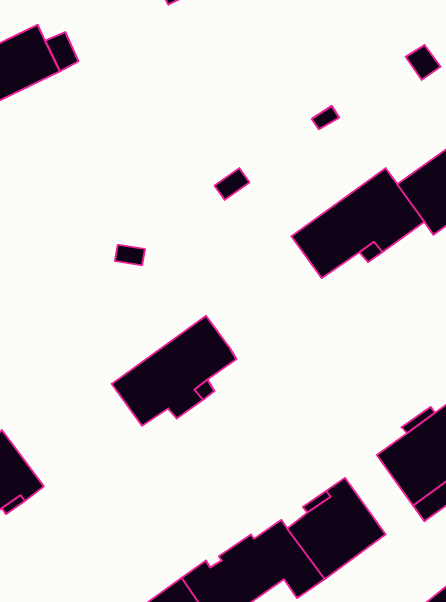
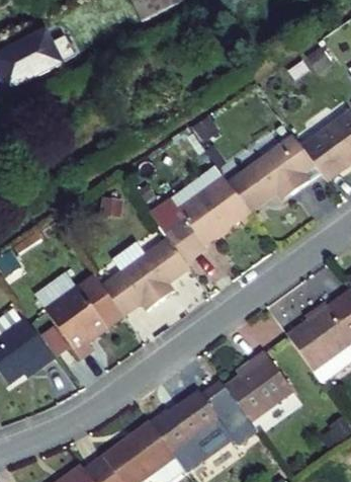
building: none -> [152,177,249,260]
building: none -> [46,274,123,358]

